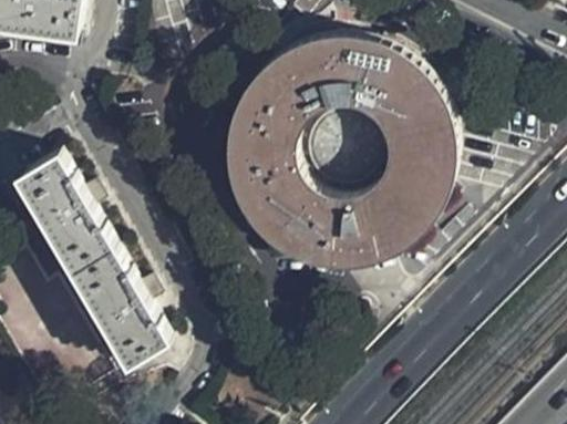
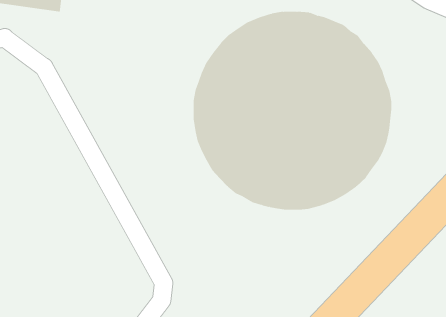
building: [14,156,168,368] -> none

